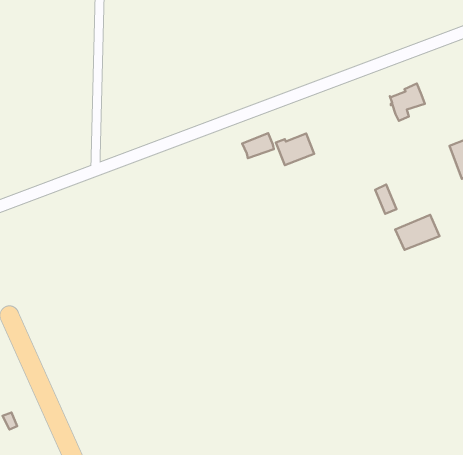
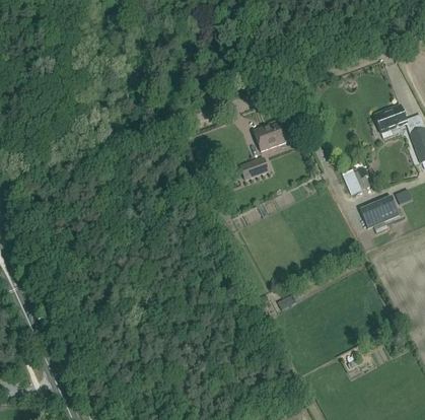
building: [390,84,425,121] -> [375,104,407,138]
building: [242,133,274,158] -> [239,156,268,179]

